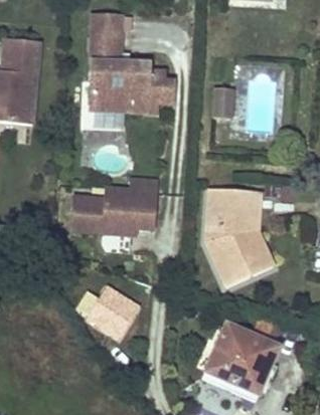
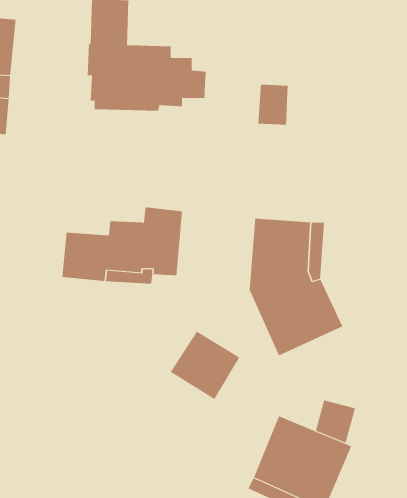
building: [89,286,139,336] -> [170,331,240,400]

